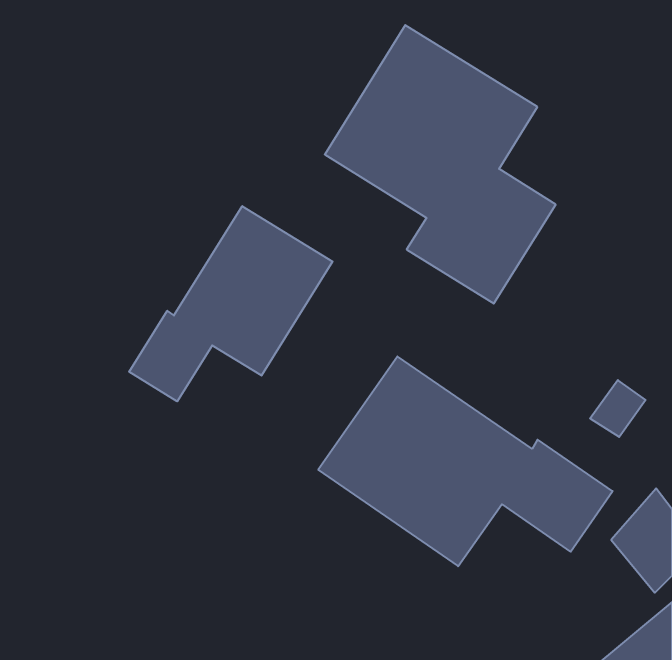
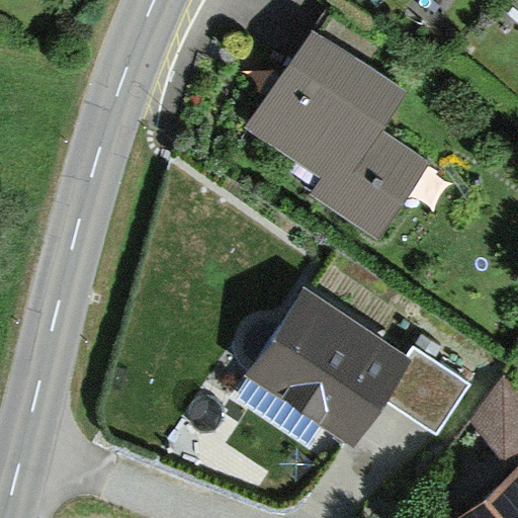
building: [129,206,333,401] -> none

